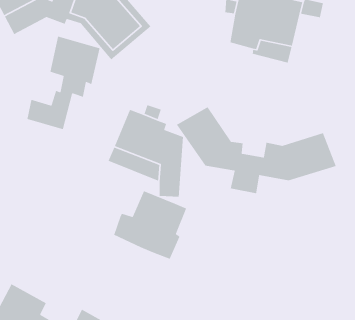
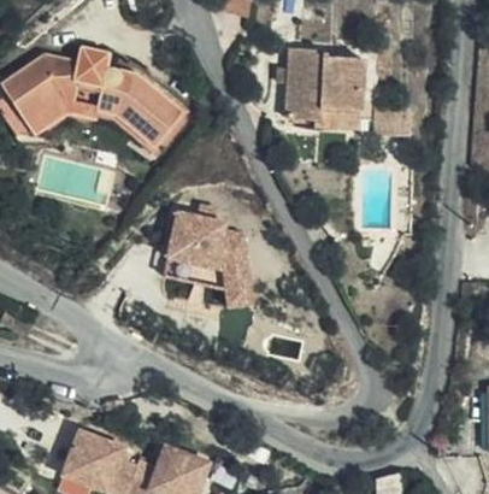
building: [26,36,100,130] -> none
building: [176,106,337,194] -> none
building: [113,190,187,260] -> none

